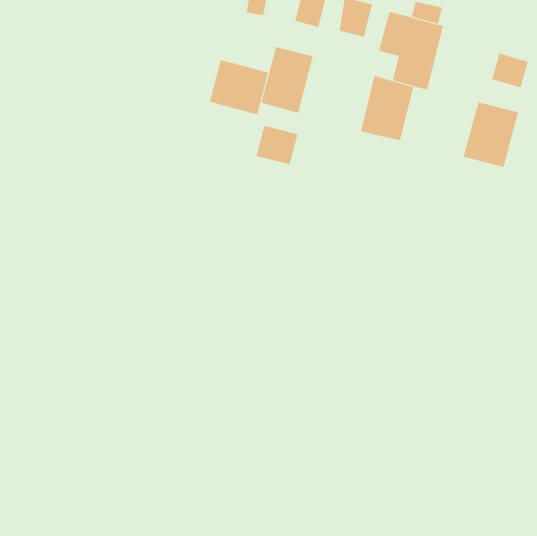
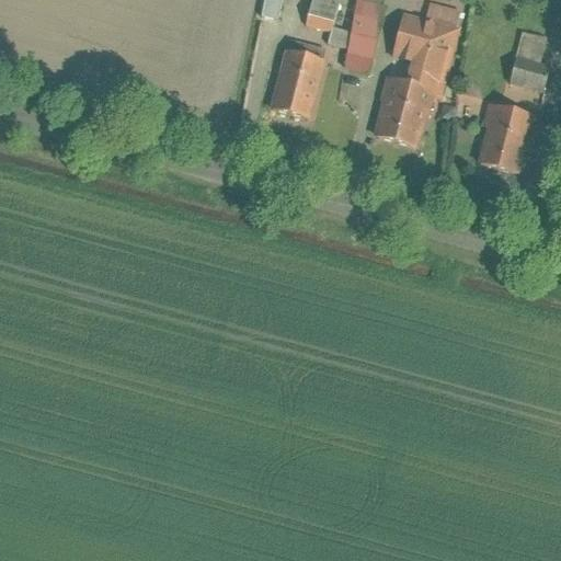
building: none -> [516,30,546,61]
building: none -> [344,32,377,70]
building: [209,59,269,115] -> none
building: [256,125,298,165] -> none

